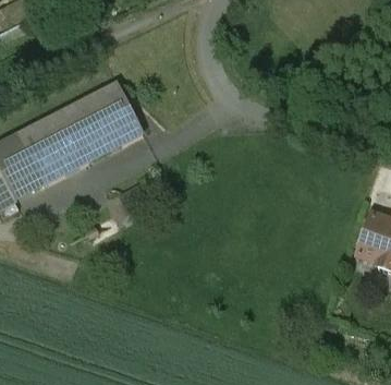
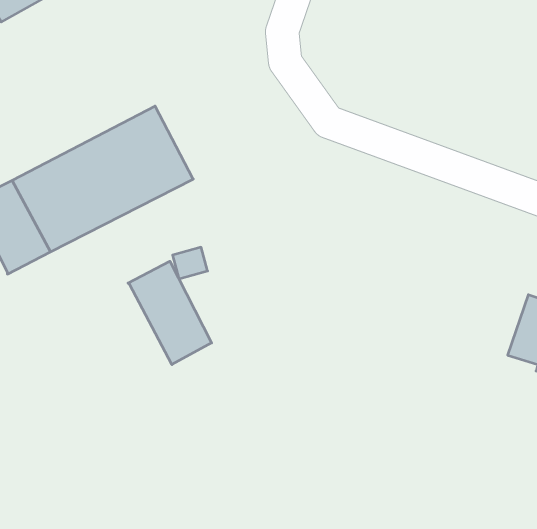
building: none -> [128,261,212,365]

